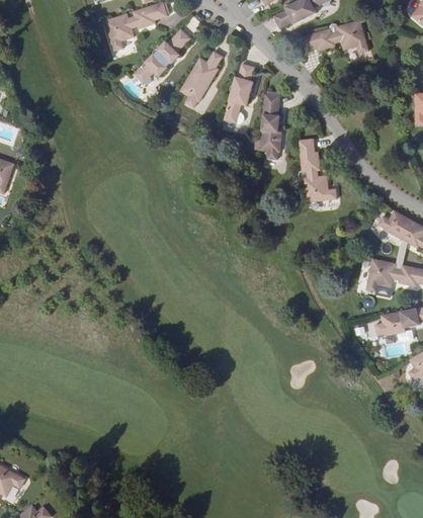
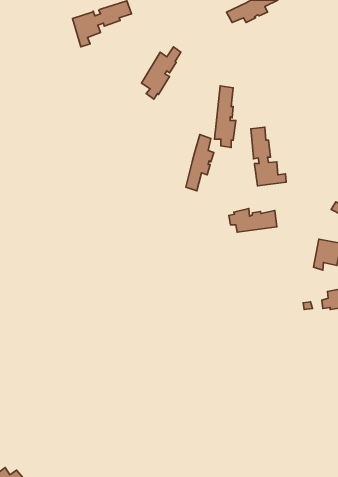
building: [295,20,368,54] -> none
building: [132,27,189,86] -> none
building: [224,63,254,123] -> [186,135,214,191]
building: none -> [229,209,277,232]

